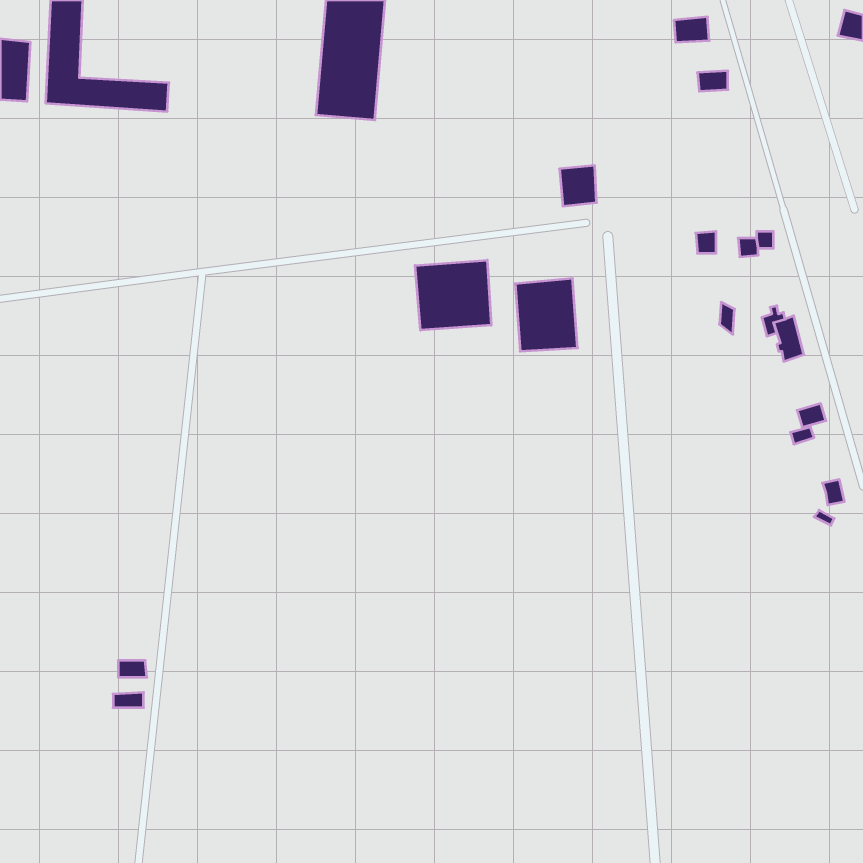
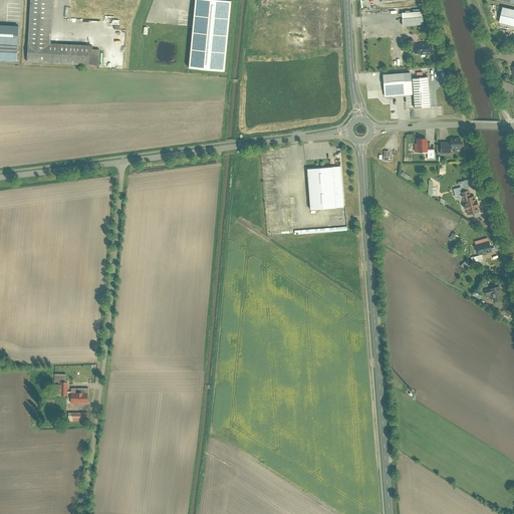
building: none -> [411,76,430,106]
building: [559,166,597,206] -> [382,72,405,96]
building: [415,260,491,330] -> none

